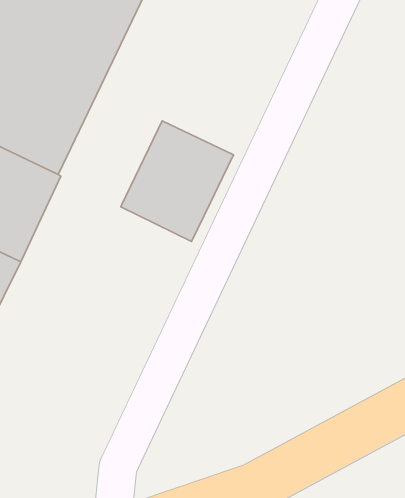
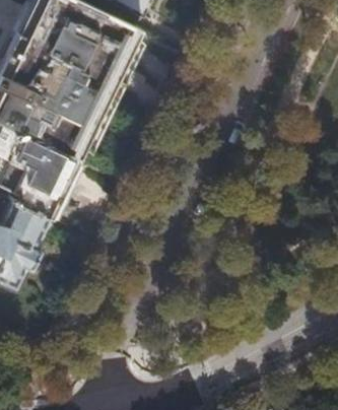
building: [121,121,233,241] -> none

